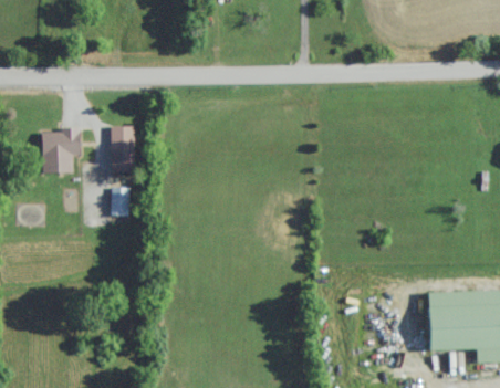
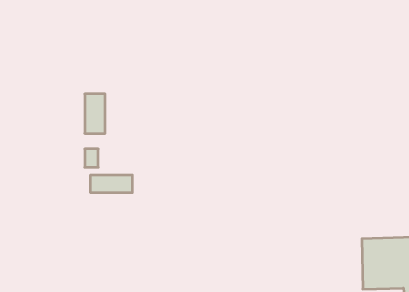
building: [42,130,81,175] -> none
building: none -> [91,175,132,193]

